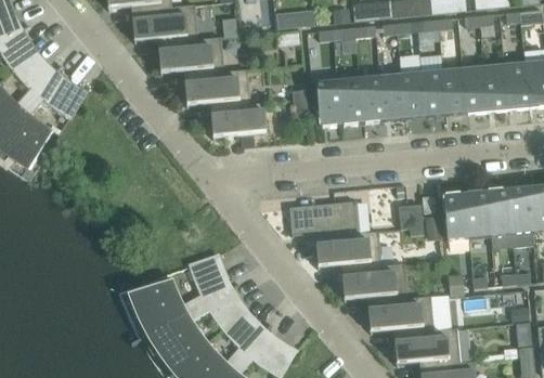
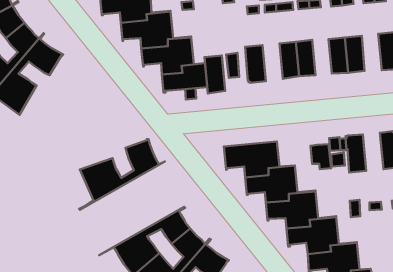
building: [463,65,488,113] -> none
building: [400,71,425,117] -> none
building: [337,77,363,125] -> [205,56,225,93]
building: [464,190,490,237] -> none
building: [130,255,238,343] -> [79,139,165,210]

